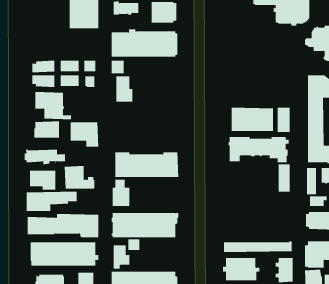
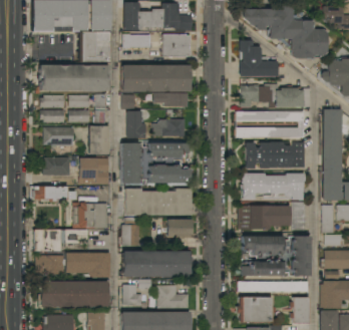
building: none -> [240,40,279,76]
building: none -> [37,65,110,94]
building: none -> [242,84,312,107]
building: none -> [155,93,190,107]
building: none -> [237,111,305,138]
building: none -> [153,119,186,136]
building: none -> [90,126,109,155]
building: none -> [122,143,140,184]
building: none -> [149,143,190,160]
building: none -> [149,164,190,184]
building: none -> [242,202,291,231]
building: [29,170,56,191] -> none
building: none -> [167,220,193,238]
building: none -> [243,237,283,256]
building: none -> [292,237,311,276]
building: none -> [243,260,284,276]
building: none -> [158,286,190,309]

